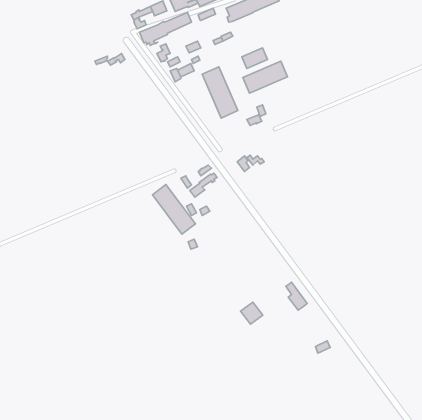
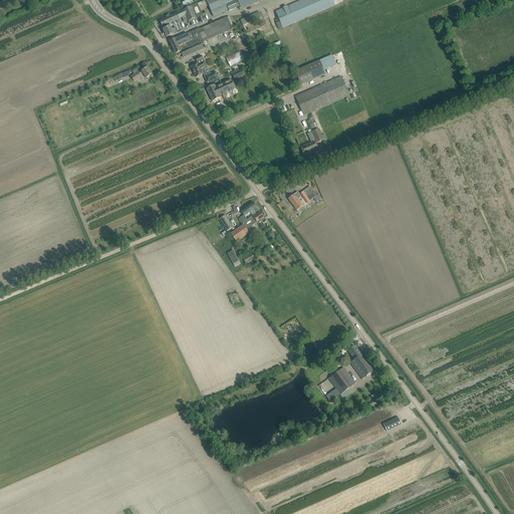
building: [202,67,238,118] -> none
building: [152,184,195,234] -> none
building: [241,302,263,324] -> [328,365,355,393]

